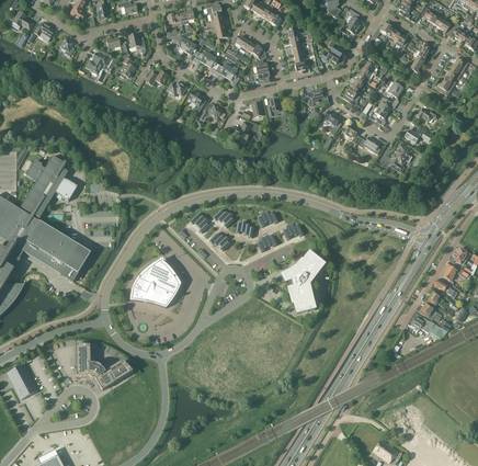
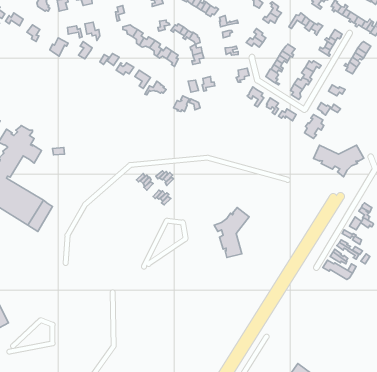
building: none -> [314,145,364,177]
building: [128,259,181,309] -> none
building: [76,344,133,389] -> none

